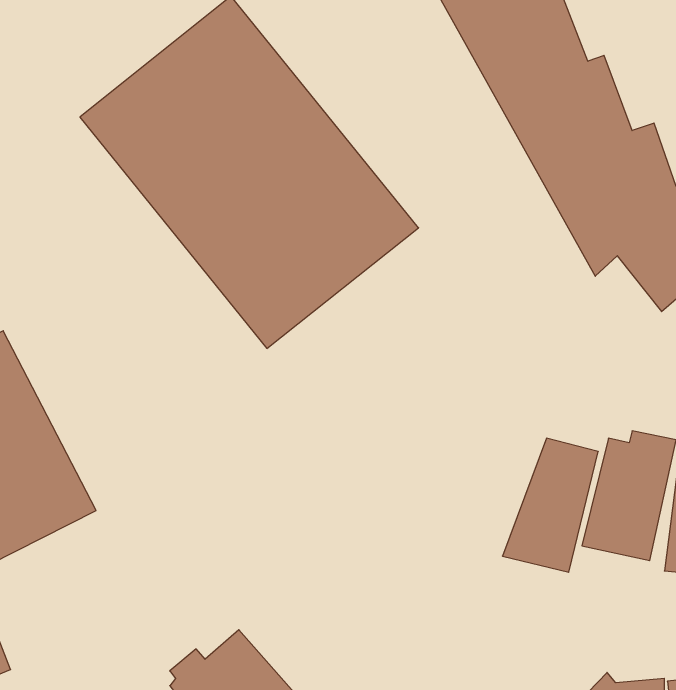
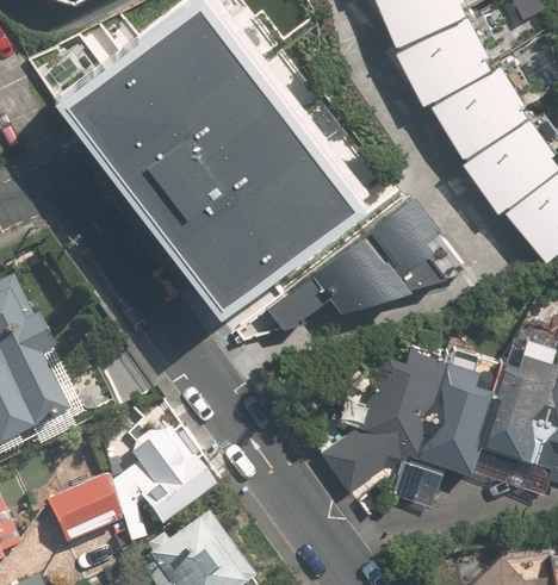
building: none -> [268,198,467,331]
building: none -> [322,351,441,496]
building: none -> [130,425,212,531]
building: none -> [46,481,119,548]

